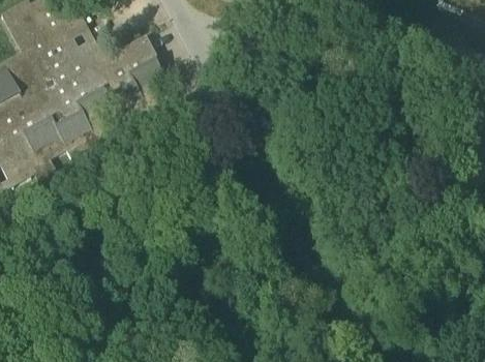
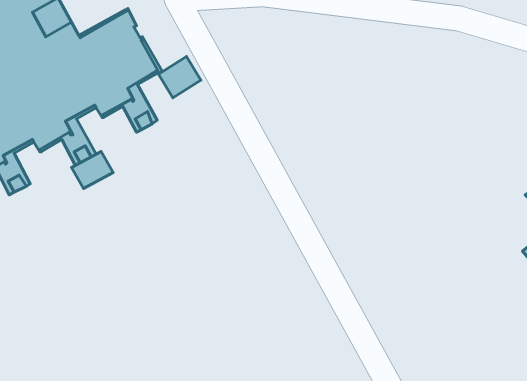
building: none -> [159,57,201,98]
building: none -> [72,151,113,189]

